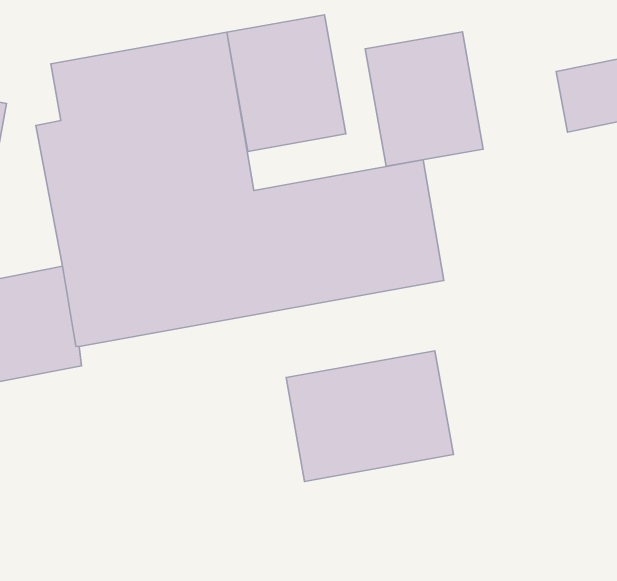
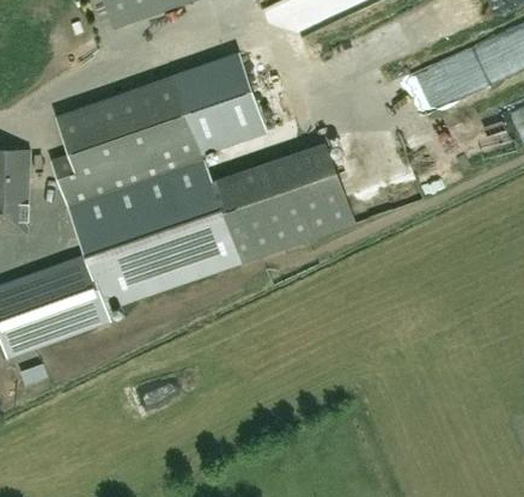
building: [365,32,483,166] -> none
building: [286,351,453,481] -> none

